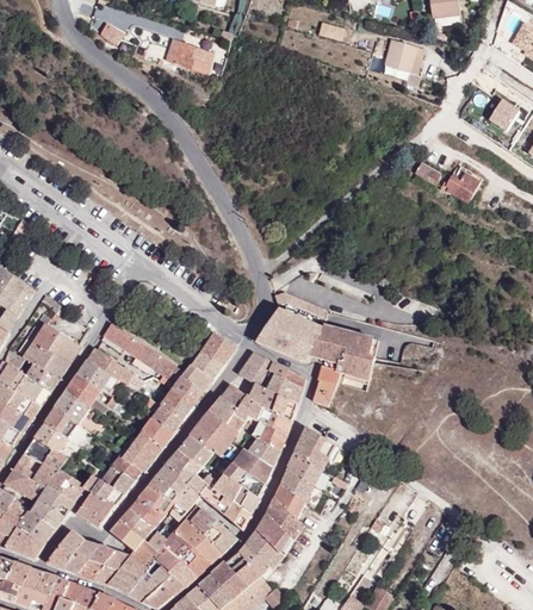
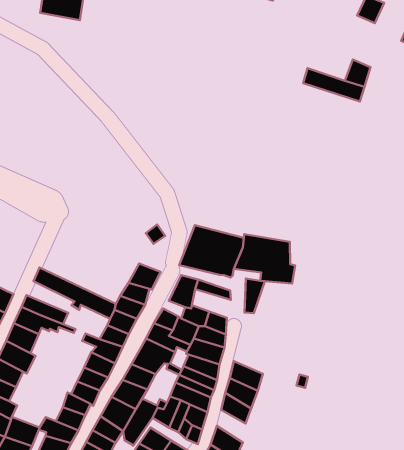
building: [262,369,303,404] -> none
building: [296,427,341,467] -> none
building: [267,497,300,534] -> none

